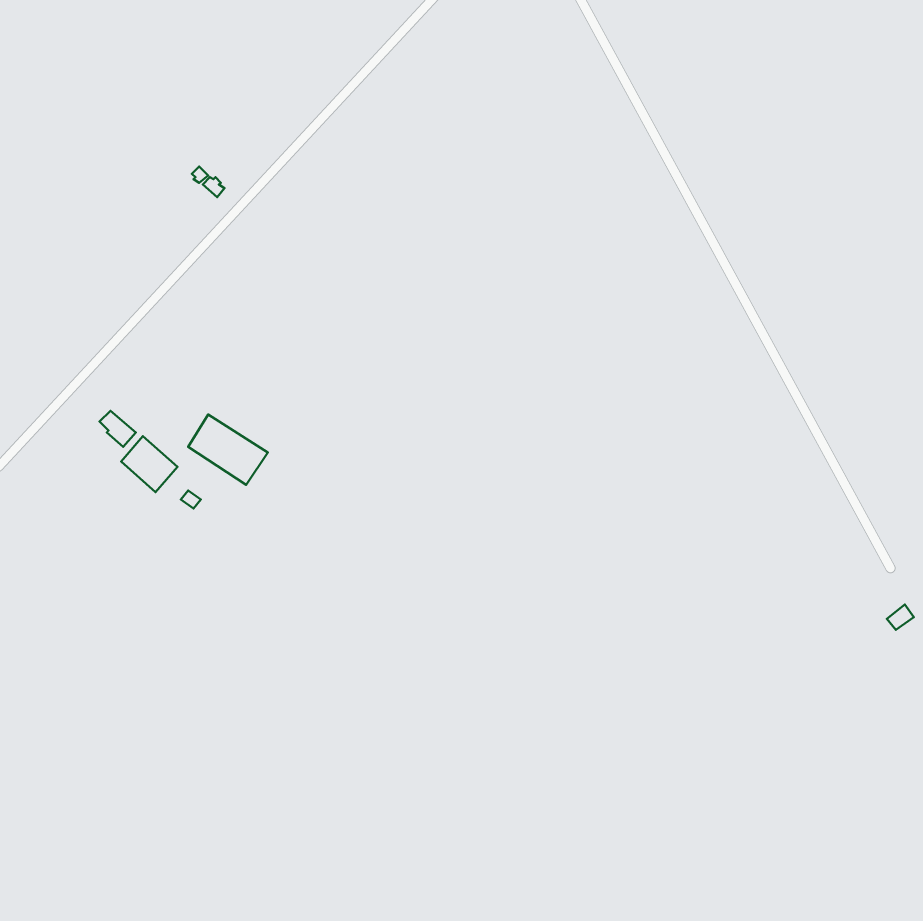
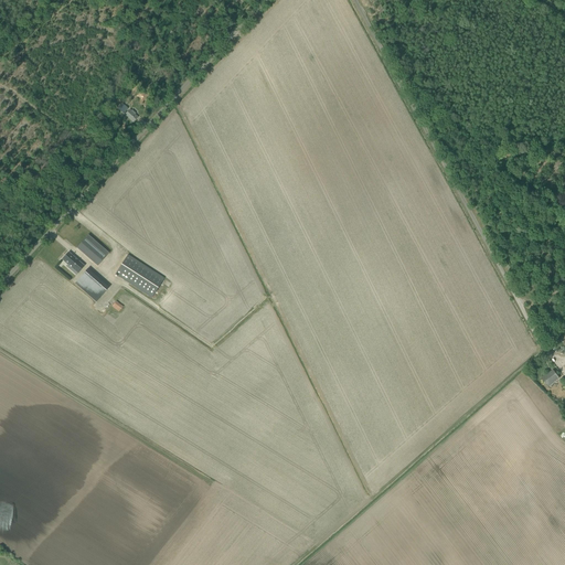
building: none -> [78,235,110,265]

